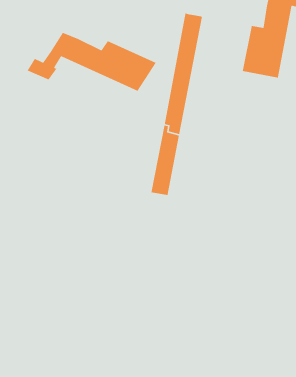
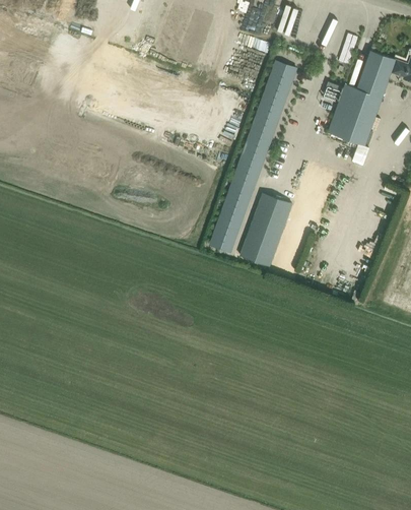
building: [27,32,157,92] -> none
building: none -> [239,193,290,266]

